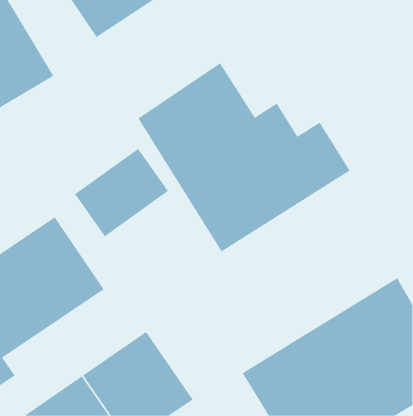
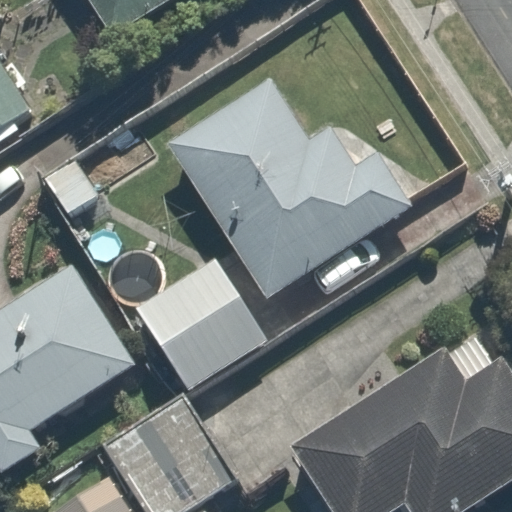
building: [74,148,169,237] -> [137,257,252,365]

